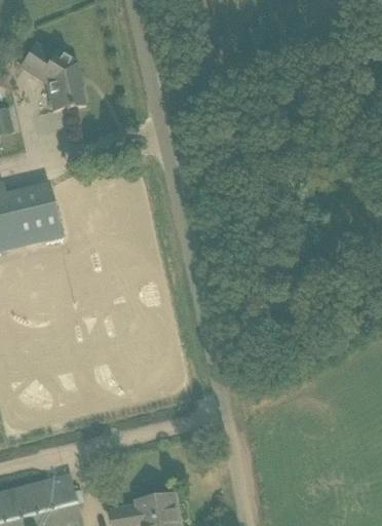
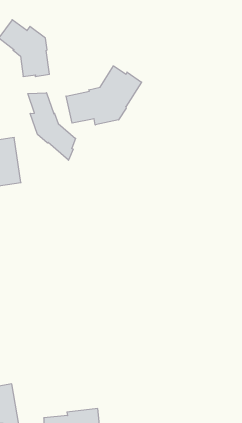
building: none -> [66,66,142,125]
building: none -> [28,93,76,160]

